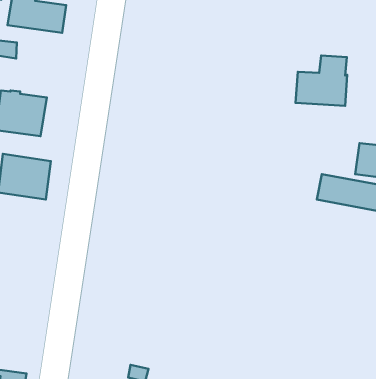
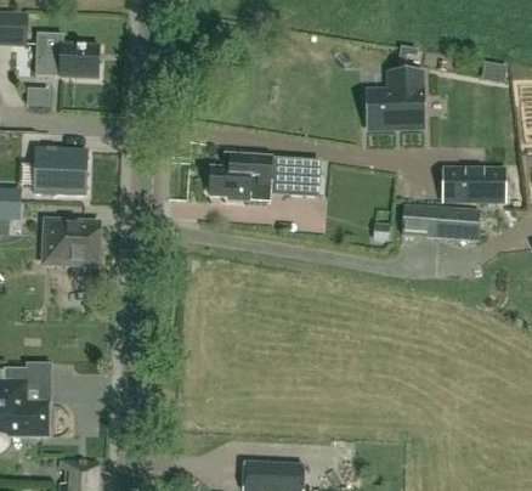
building: none -> [206,153,321,199]

